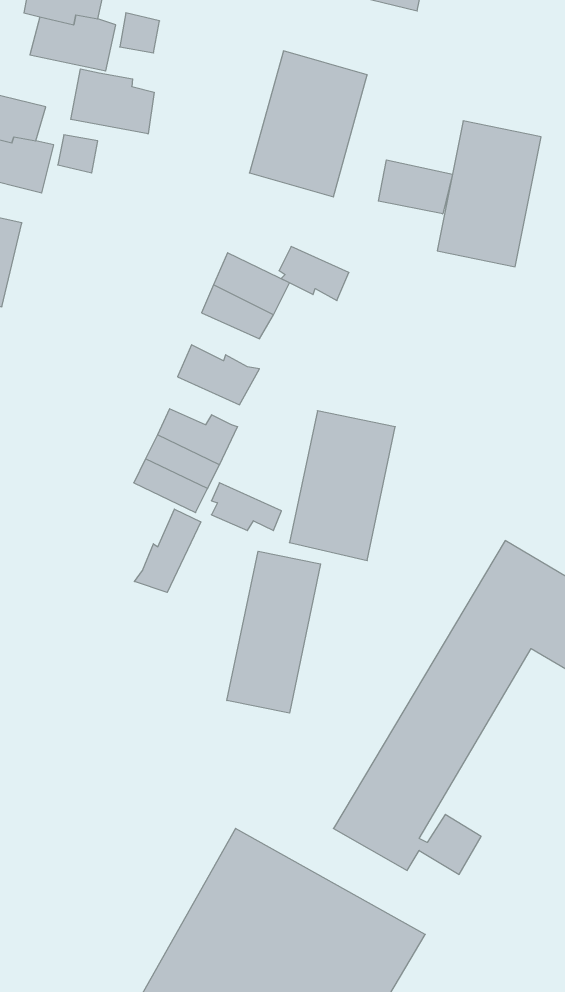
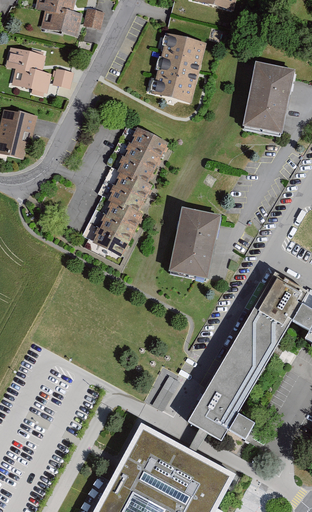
building: [71,69,154,134] -> none
building: [378,160,453,214] -> none
building: [279,247,349,301] -> [118,159,153,186]
building: [211,483,281,531] -> [108,191,143,215]
building: [134,509,201,592] -> none
building: [227,551,321,713] -> none

